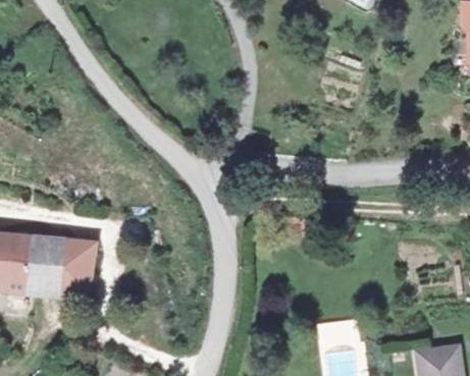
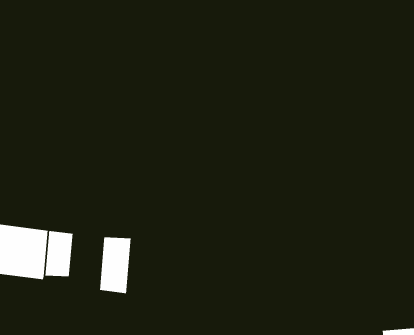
building: none -> [99,236,132,294]

